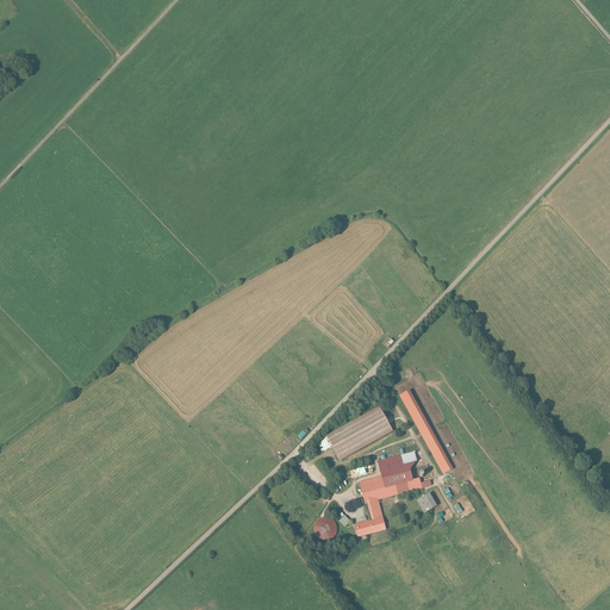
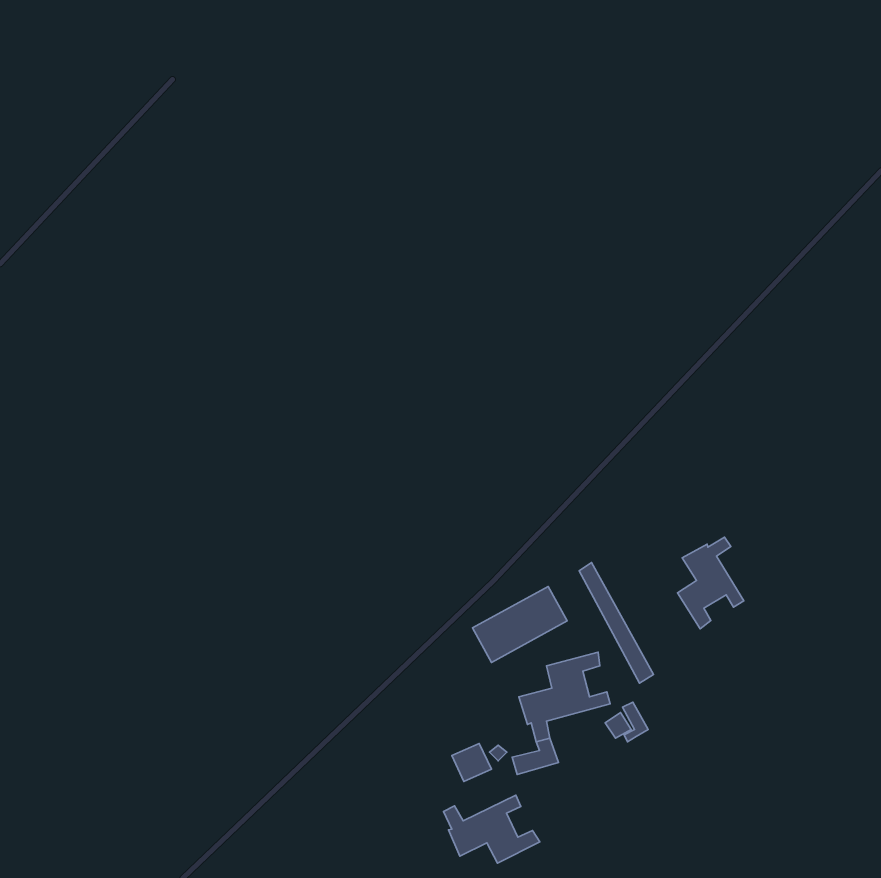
building: none -> [678,537,744,629]
building: none -> [443,795,540,863]

